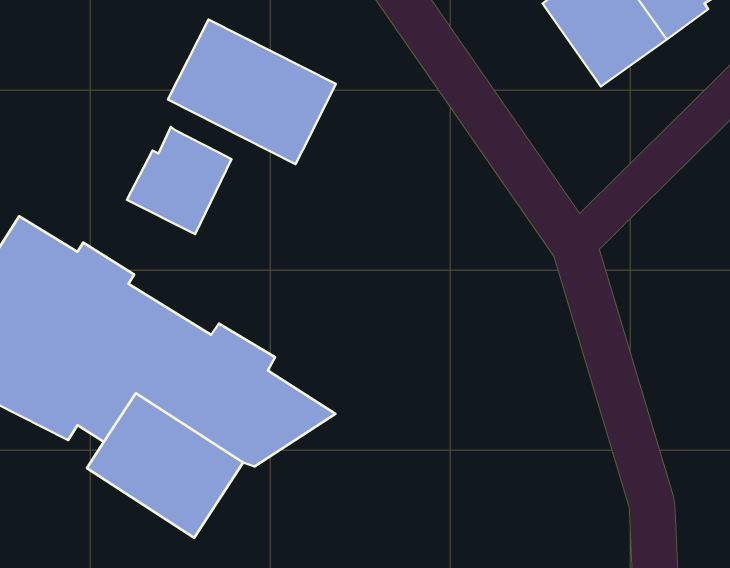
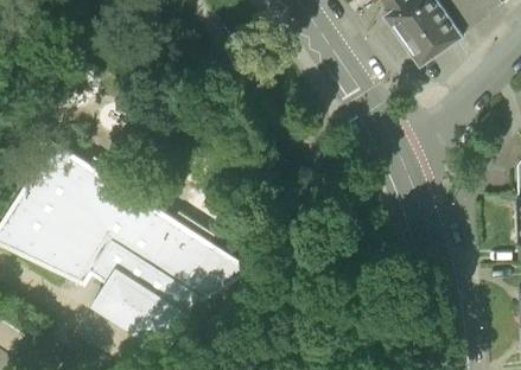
building: [168,19,336,164] -> none
building: [127,127,231,234] -> none

